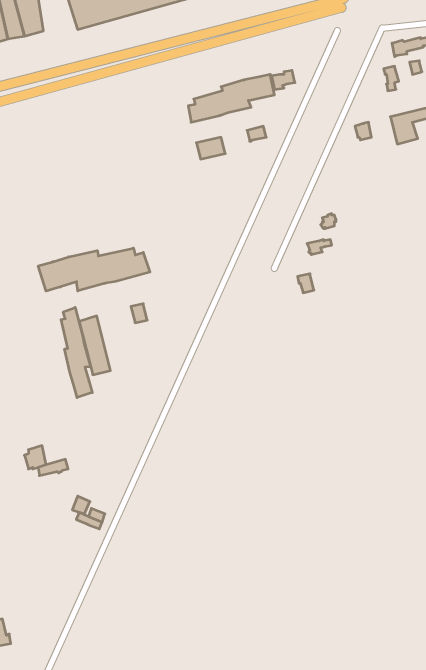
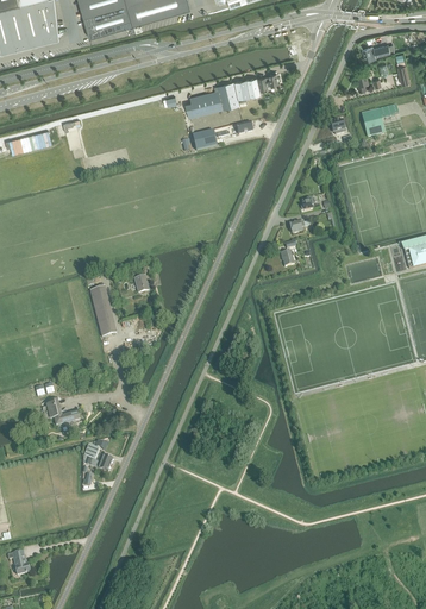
building: [38,248,150,291] -> none
building: [61,307,92,398] -> none

